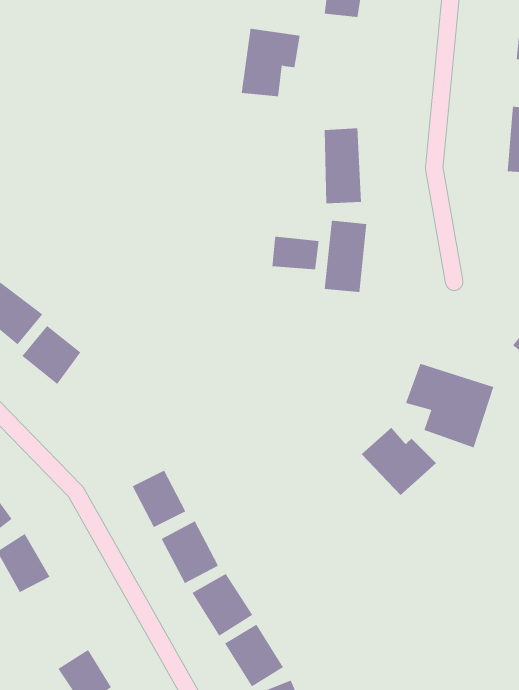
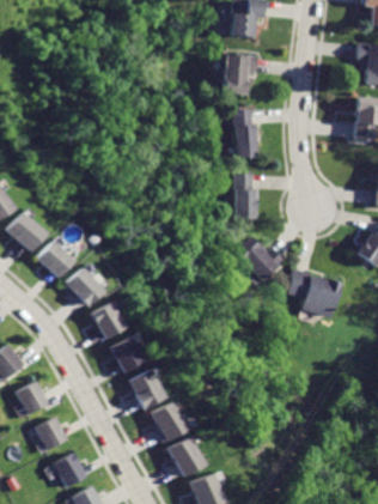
building: [241,28,301,97] -> [224,48,263,93]
building: [272,236,319,270] -> none
building: none -> [60,266,99,308]
building: none -> [86,302,122,340]
building: [361,427,437,496] -> [239,238,289,284]
building: none -> [35,415,71,454]

